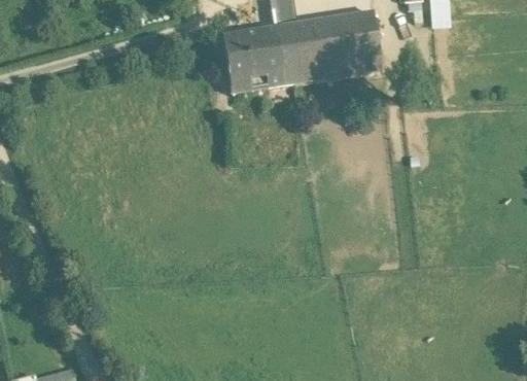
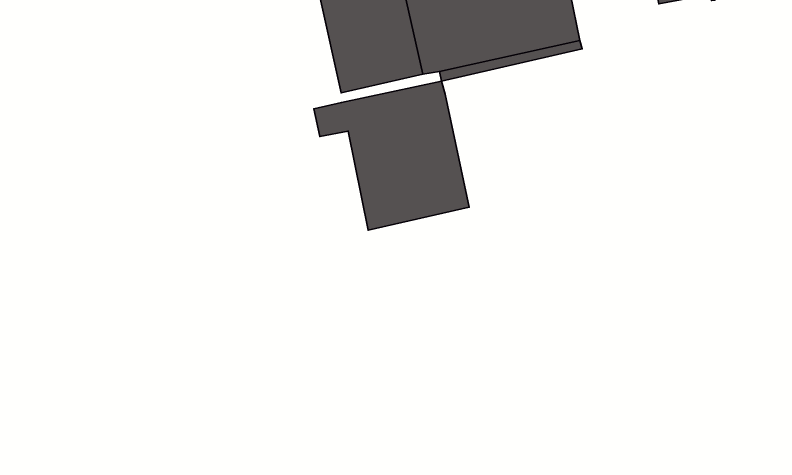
building: none -> [314,81,469,230]

